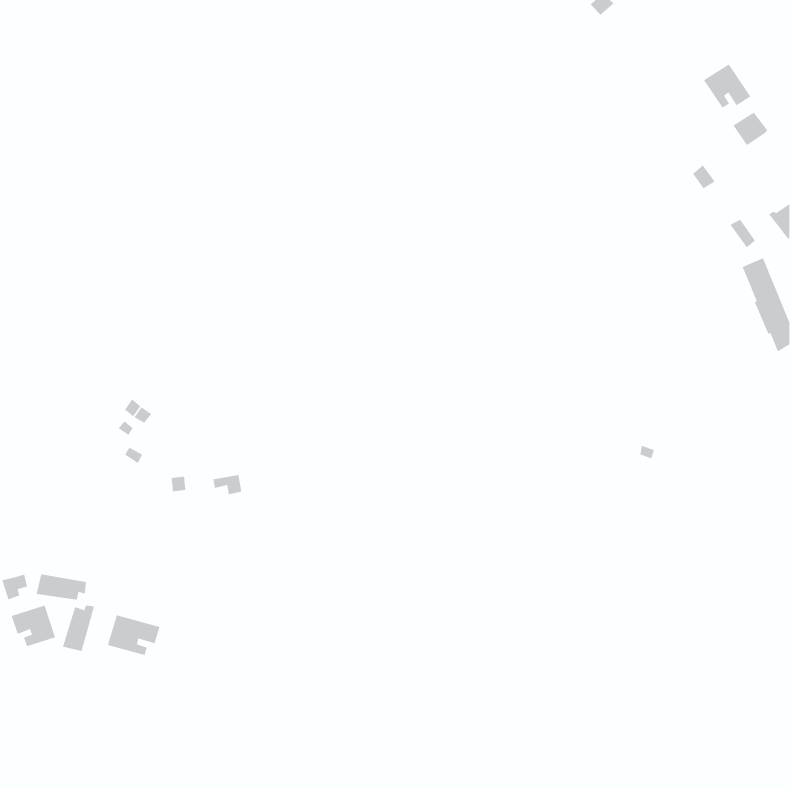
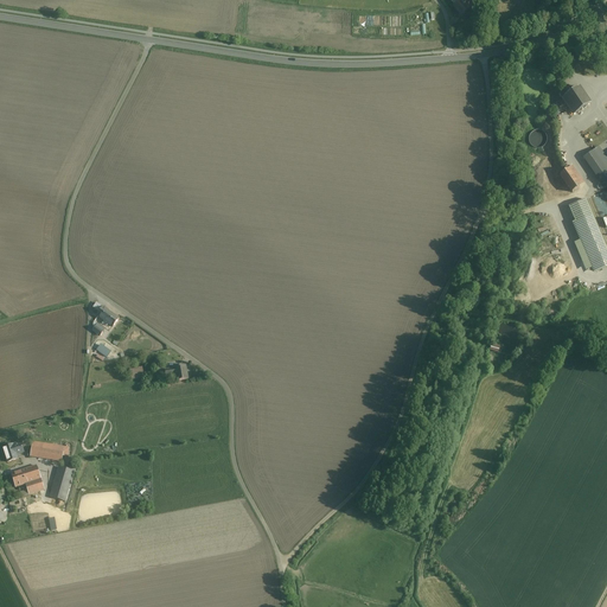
building: [703,63,751,109] -> none
building: [107,614,160,656] -> none

